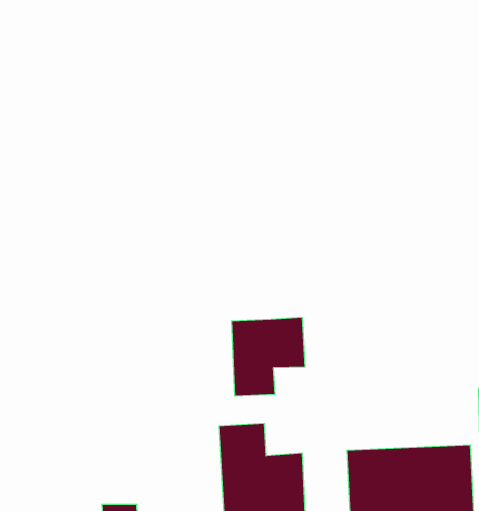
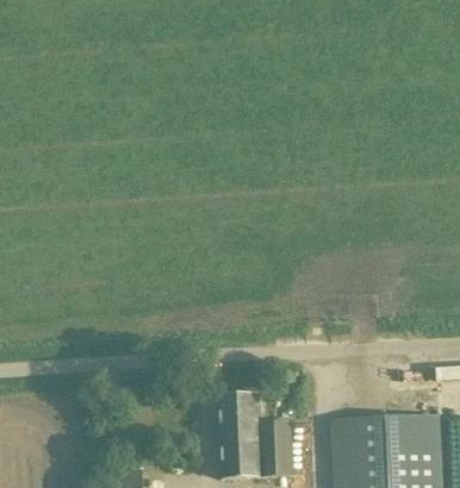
building: [232,317,305,396] -> none

